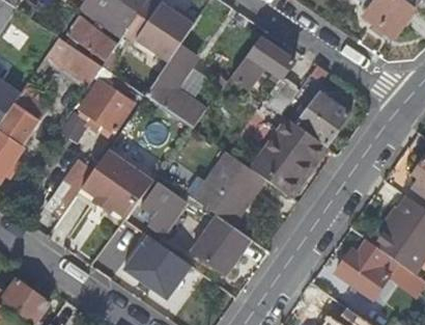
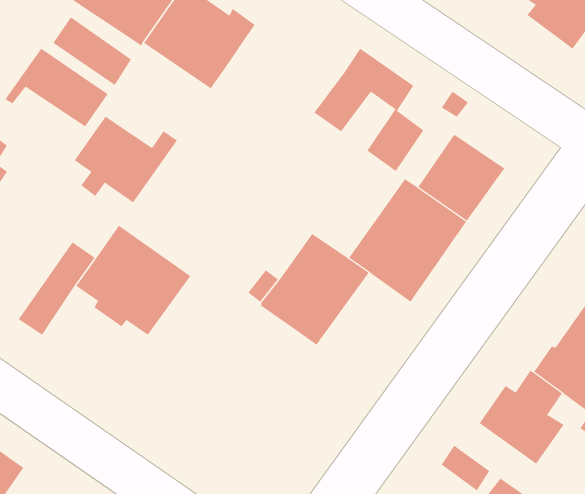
building: [146,46,204,129] -> none
building: [144,181,187,234] -> none
building: [193,214,251,273] -> none
building: [126,237,189,296] -> none

